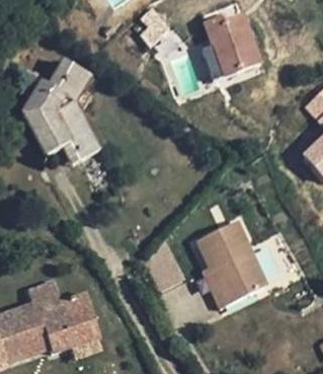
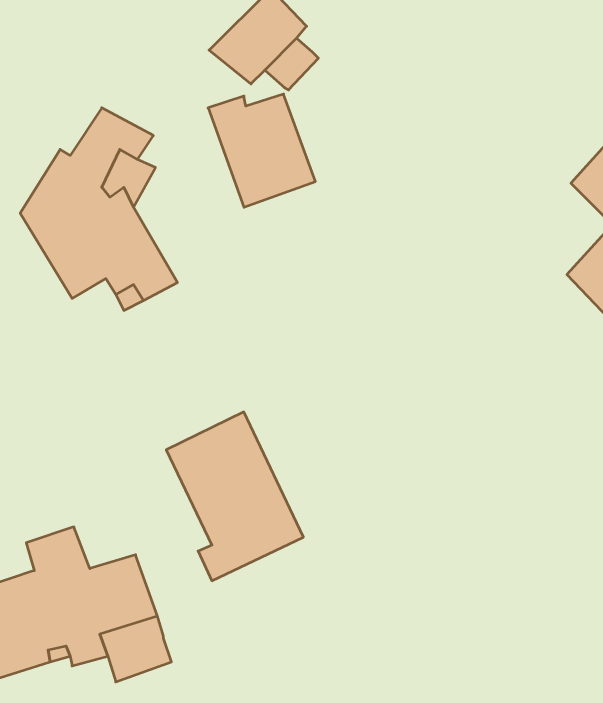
building: [205,17,259,75] -> [208,94,315,207]
building: [196,221,266,307] -> [166,412,303,581]

